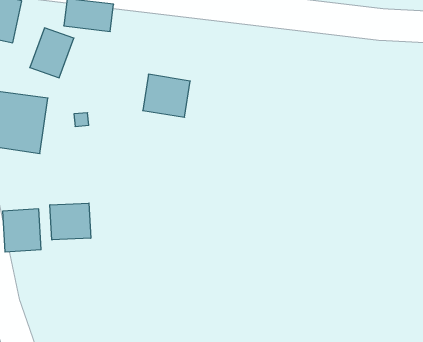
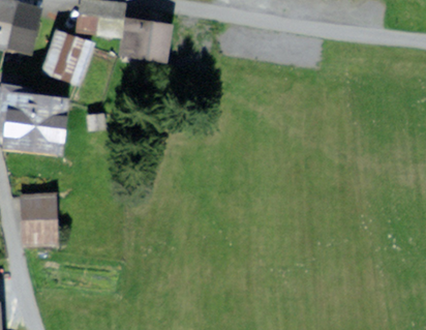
building: [143,74,190,117] -> [126,20,170,59]
building: [50,203,91,240] -> none

